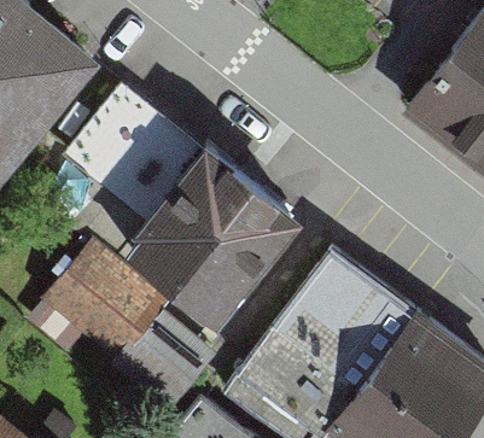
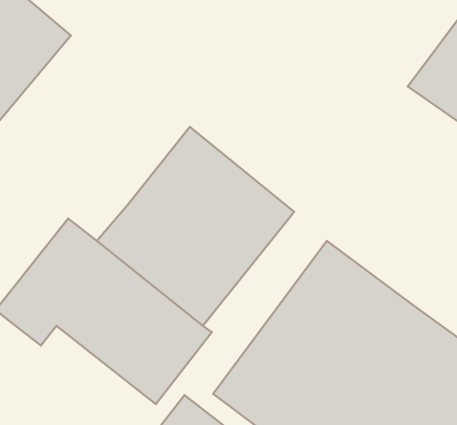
building: [65,83,206,222] -> none

